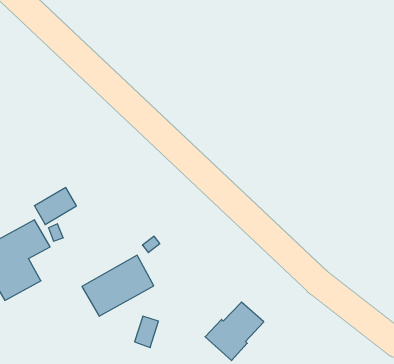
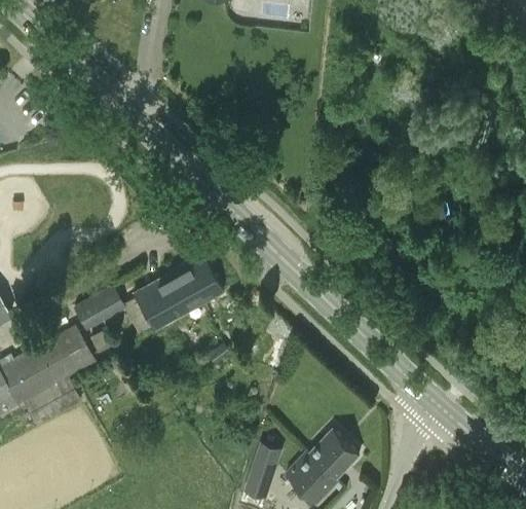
building: [82,255,154,316] -> [132,255,221,331]
building: [135,316,158,348] -> [251,445,280,484]

